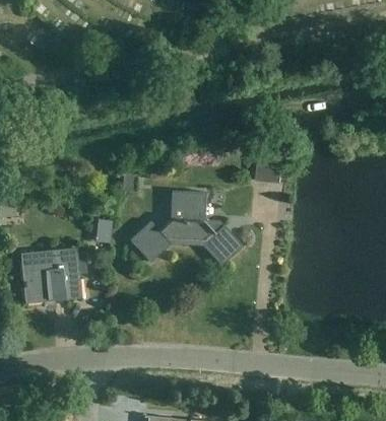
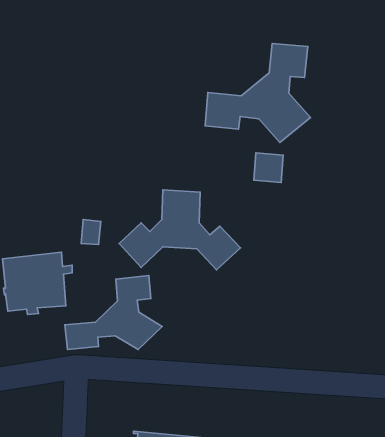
building: none -> [205,44,311,142]
building: none -> [65,276,162,349]

